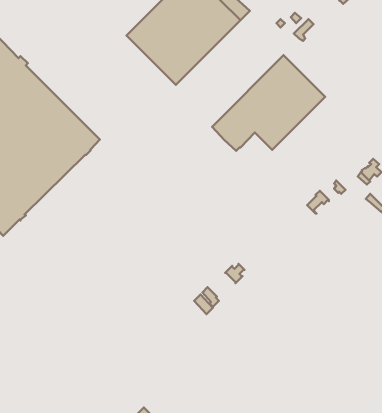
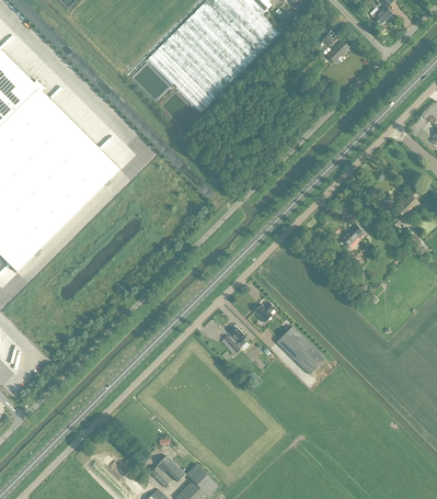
building: [212,55,325,151] -> none
building: none -> [276,326,325,375]

